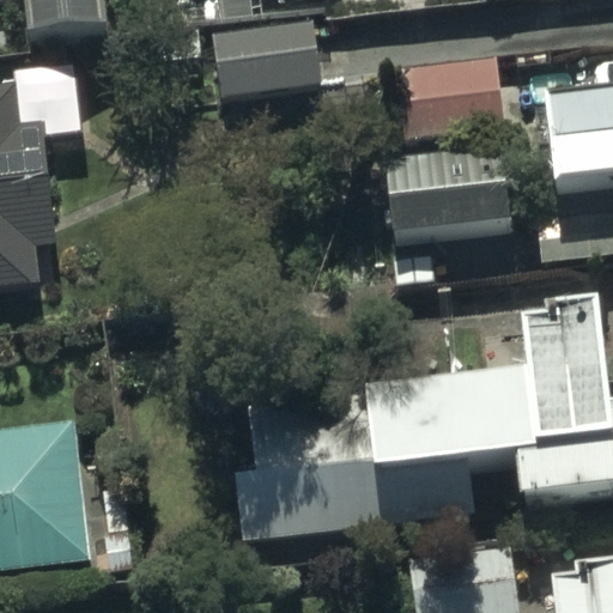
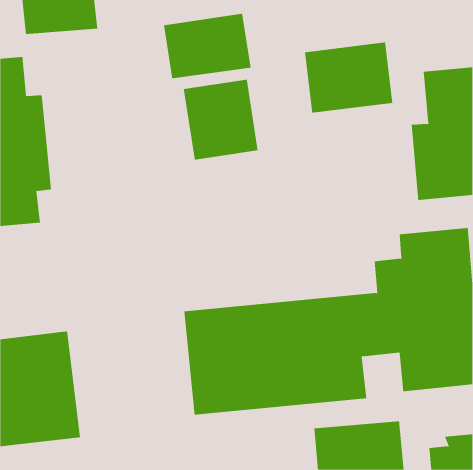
building: none -> [183,79,258,160]
building: [383,144,514,243] -> none

